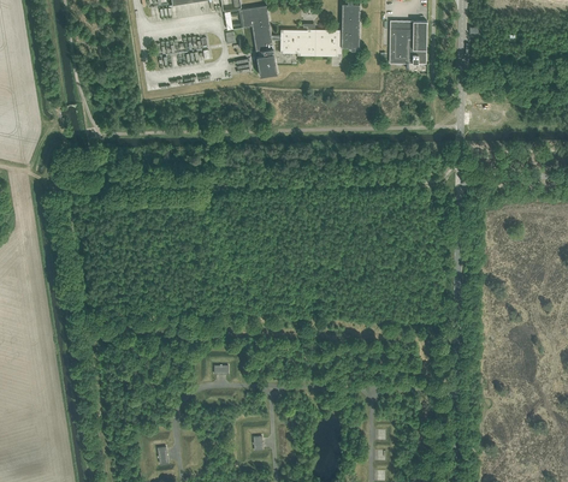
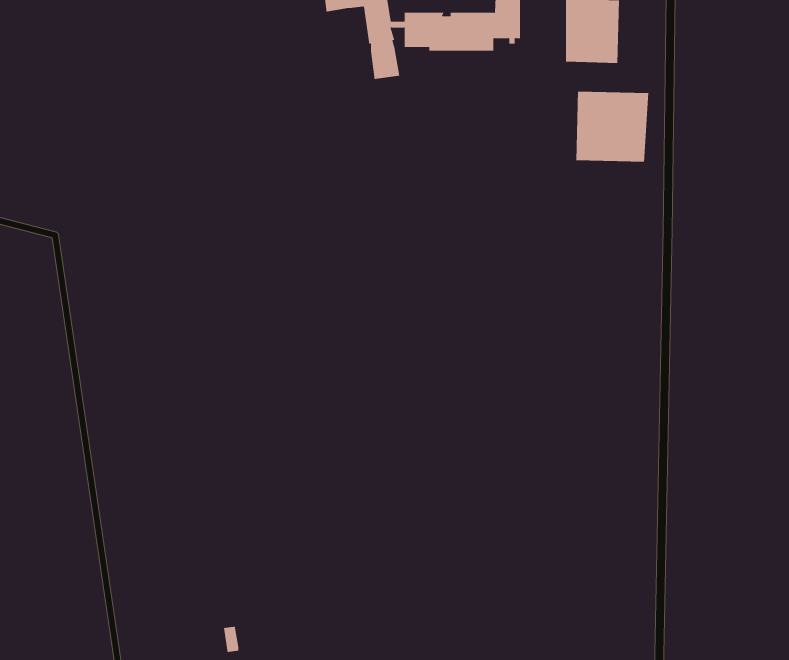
building: none -> [576,91,649,163]

